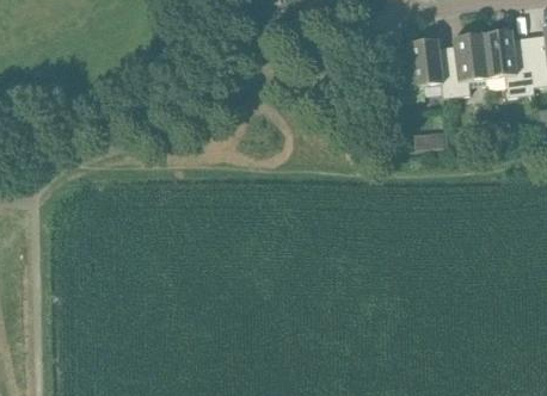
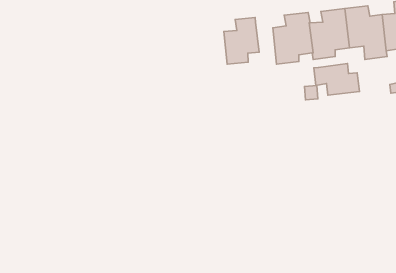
building: none -> [224,17,259,64]
building: none -> [314,63,359,95]

